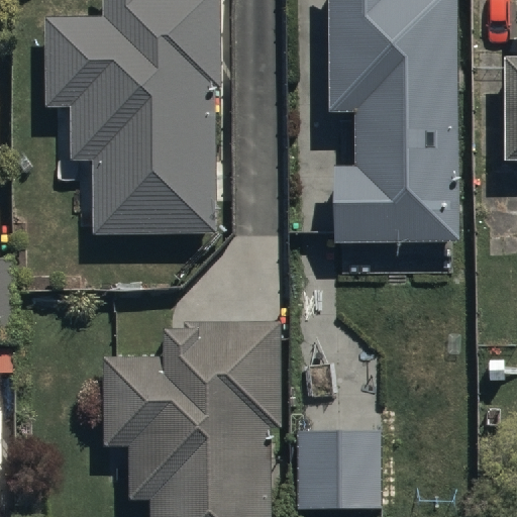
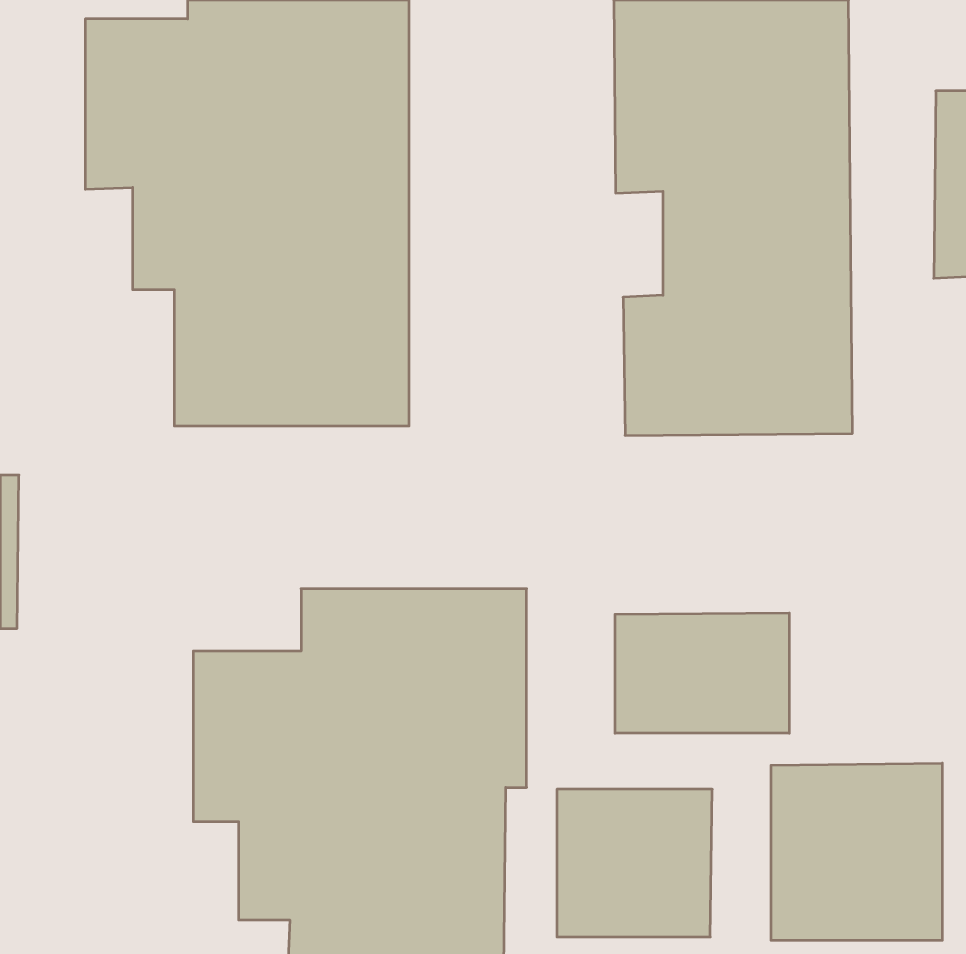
building: none -> [615,613,789,733]
building: none -> [771,763,942,940]

